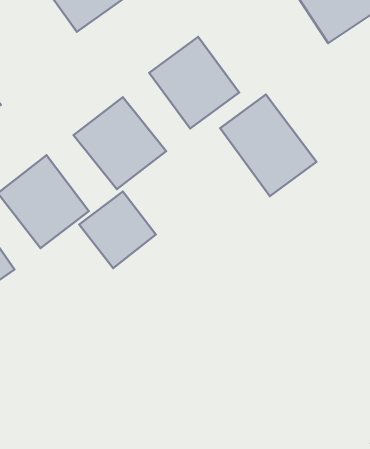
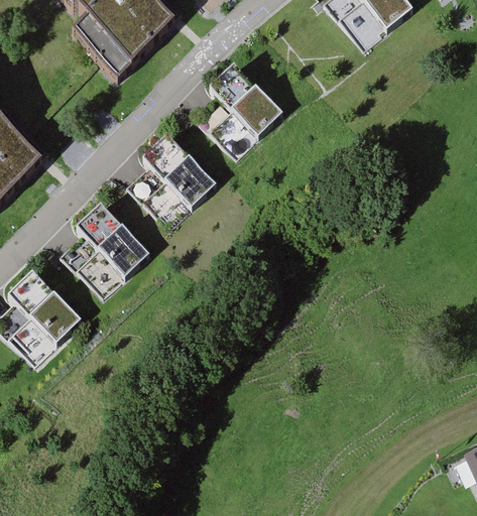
building: [220,95,316,196] -> none
building: [79,192,156,268] -> none

